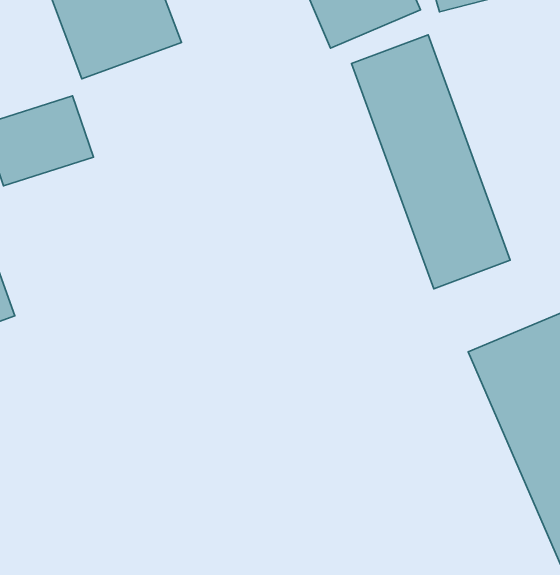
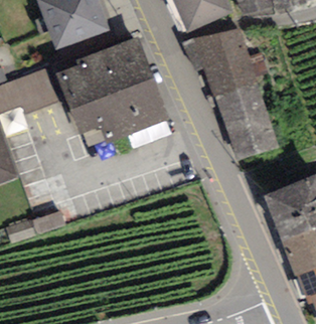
building: none -> [59,36,166,138]

